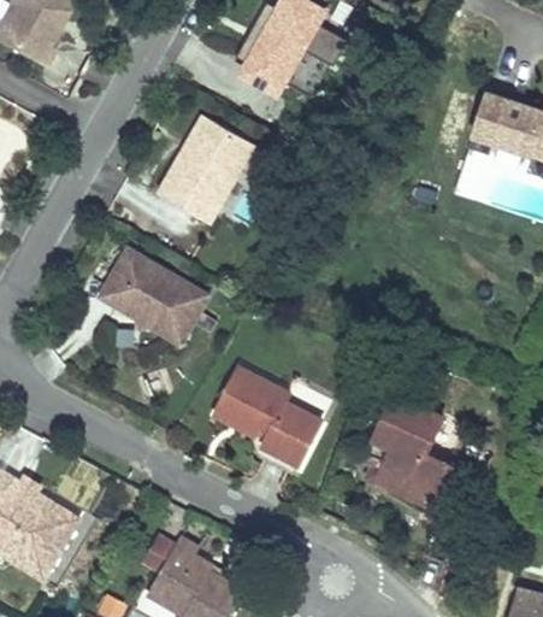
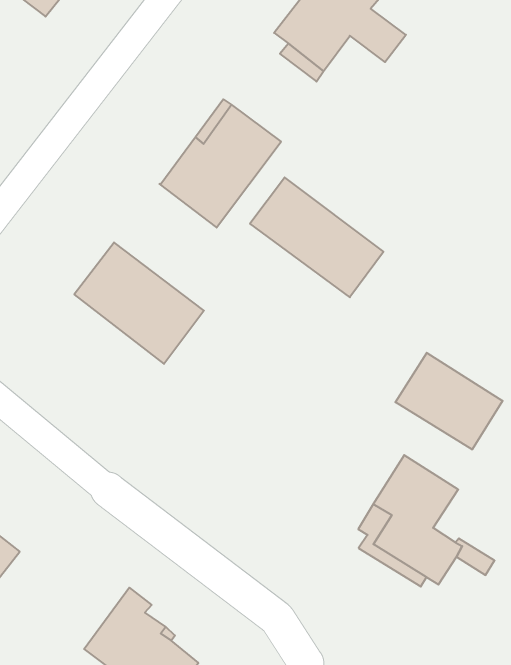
building: none -> [250,177,383,297]
building: none -> [395,353,503,450]
building: [216,368,321,463] -> none

